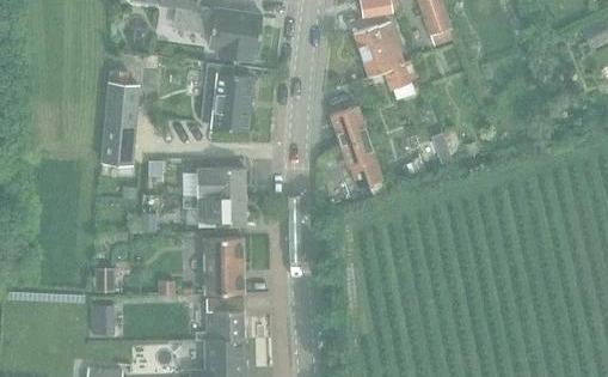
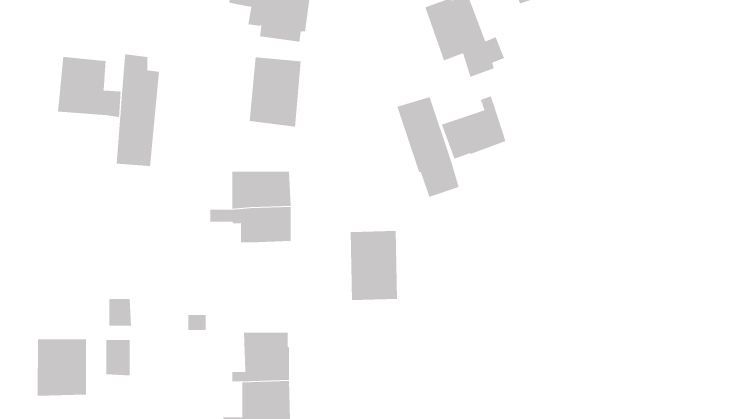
building: none -> [58,56,121,118]
building: none -> [441,95,506,159]
building: [204,237,244,294] -> [350,230,398,301]
building: none -> [37,339,86,396]

